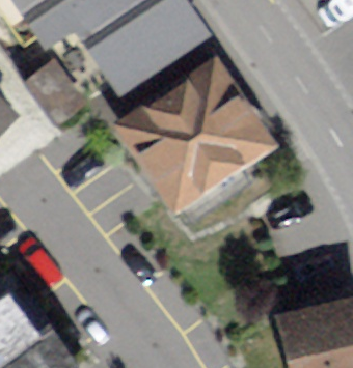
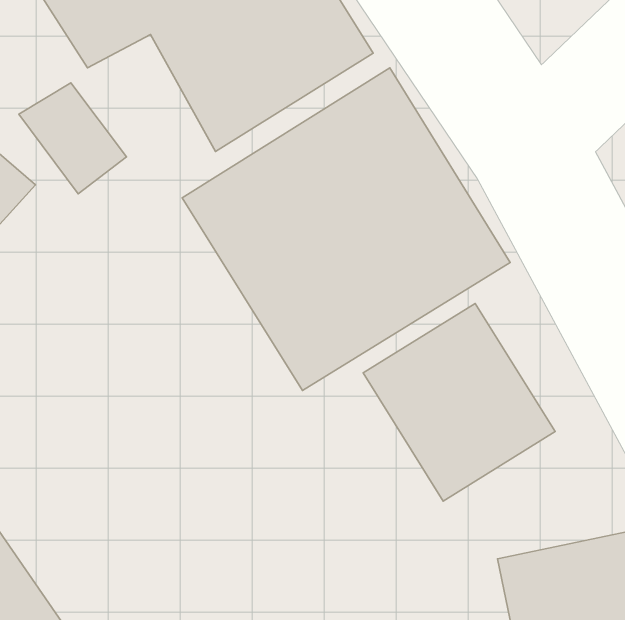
building: none -> [363,303,555,501]

